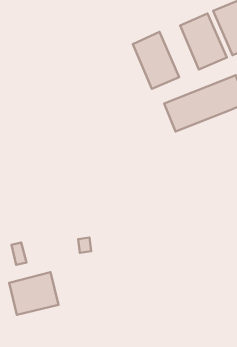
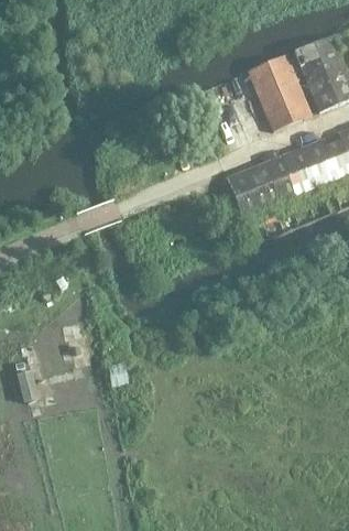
building: [133,32,179,89] -> none
building: [9,272,58,315] -> none

